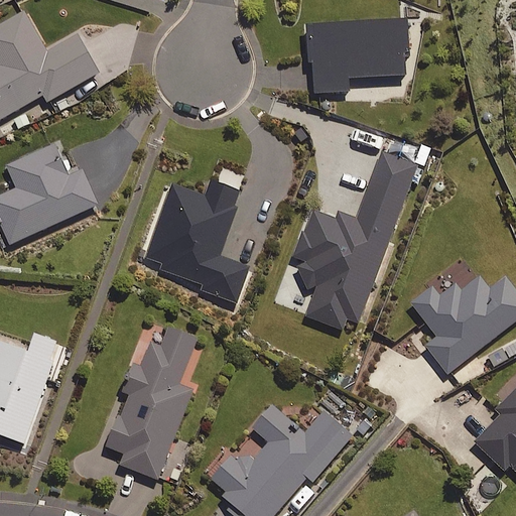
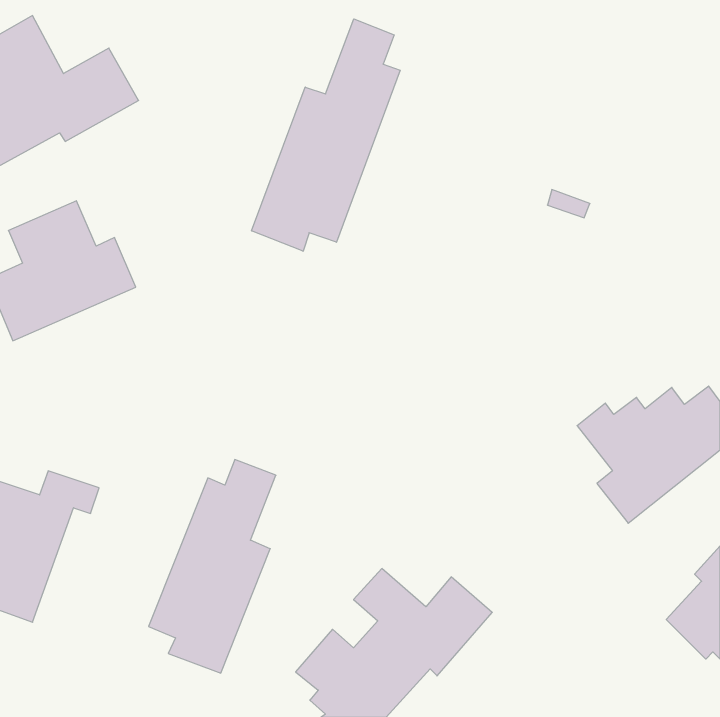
building: none -> [252,19,400,251]
building: [306,19,411,93] -> none
building: [294,152,422,330] -> none
building: [143,181,247,299] -> none

